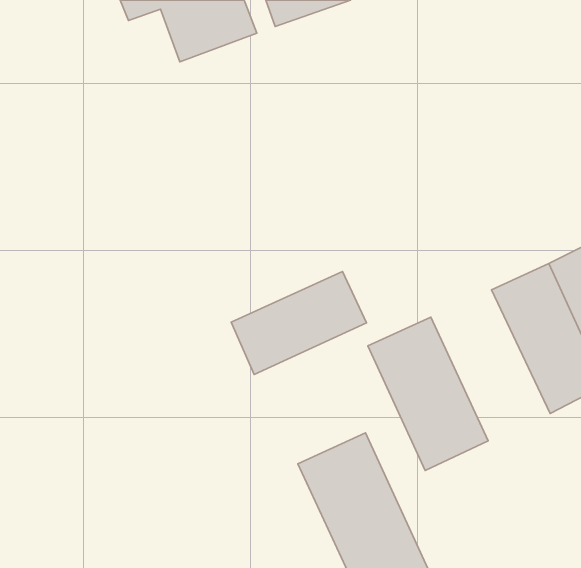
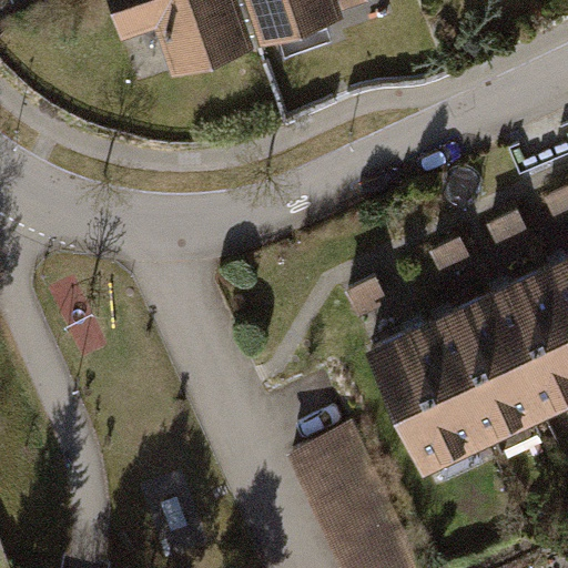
building: [231,271,366,374] -> none
building: none -> [422,297,537,444]

